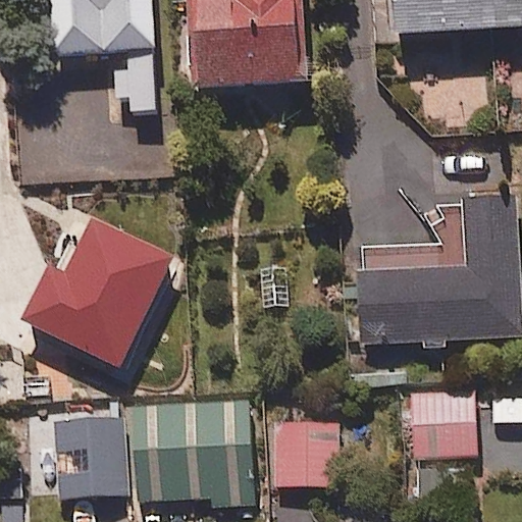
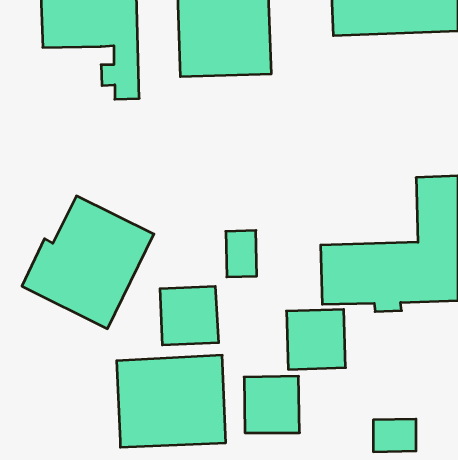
building: none -> [160,286,219,345]
building: [410,388,476,456] -> [286,309,346,369]
building: [52,415,123,498] -> none

